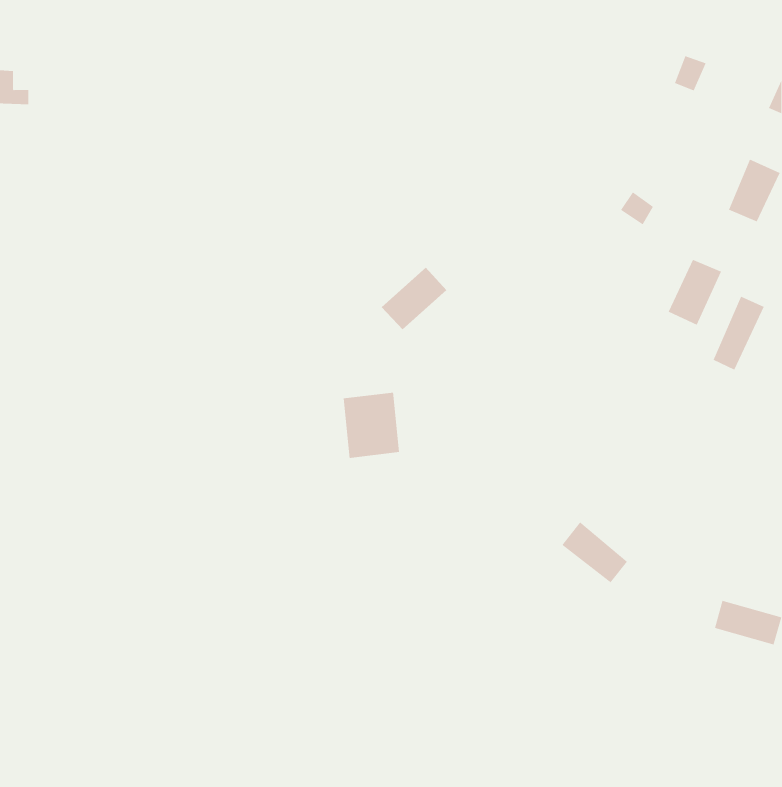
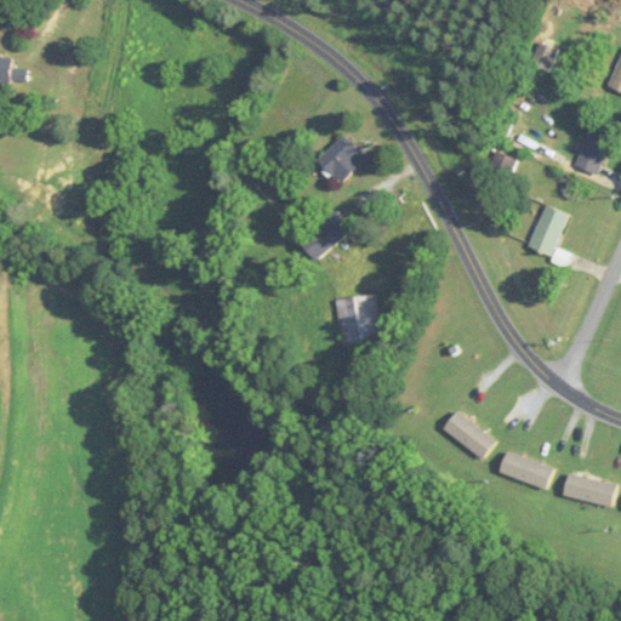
building: none -> [314,135,364,184]
building: [713,296,765,371] -> none
building: [343,392,400,458] -> [334,294,378,346]
building: none -> [498,450,553,489]

